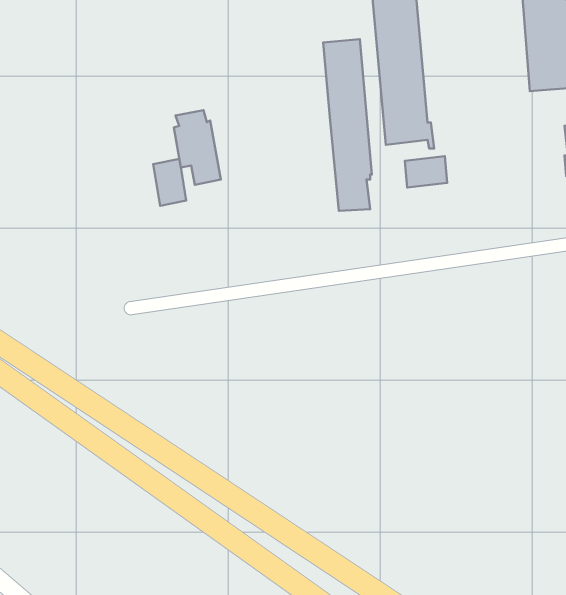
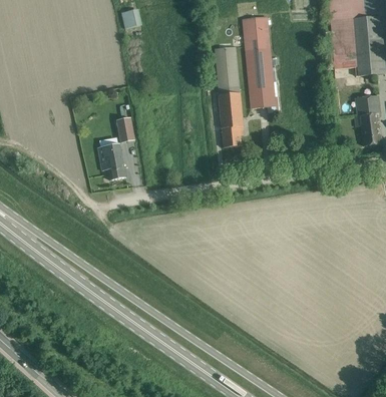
building: [174,110,221,185] -> [98,136,125,179]
building: [405,156,447,188] -> none

